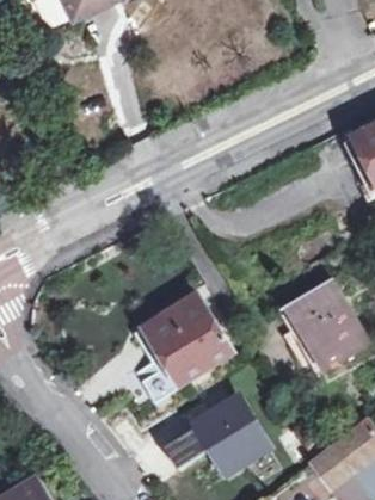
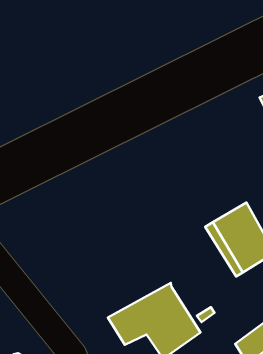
building: [130,295,230,394] -> none

